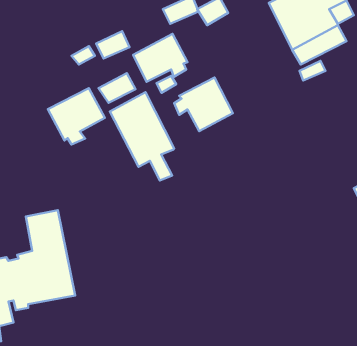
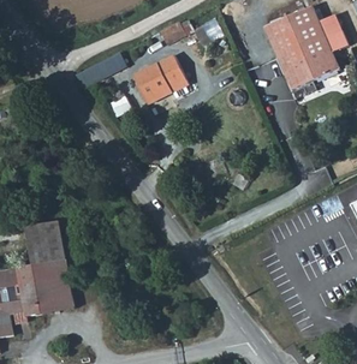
building: [174,77,233,131] -> none
building: [48,88,105,144] -> none
building: [110,92,174,181] -> none

